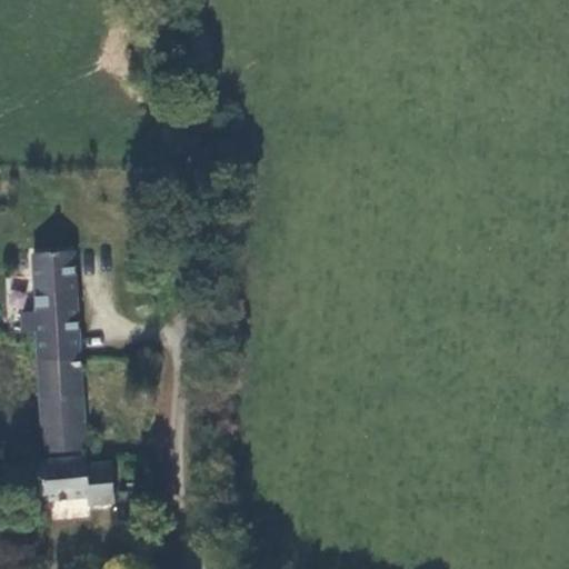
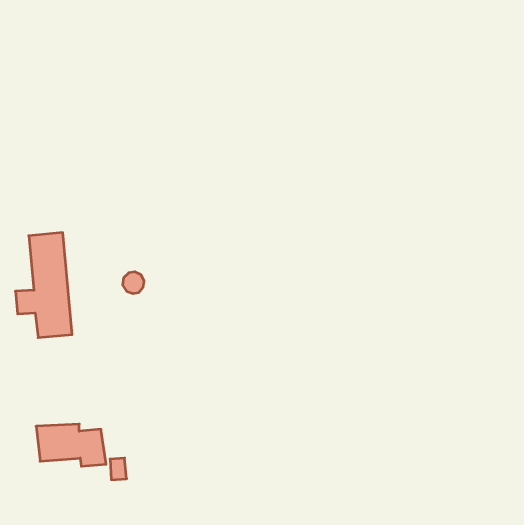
building: [41,362,86,452] -> none

